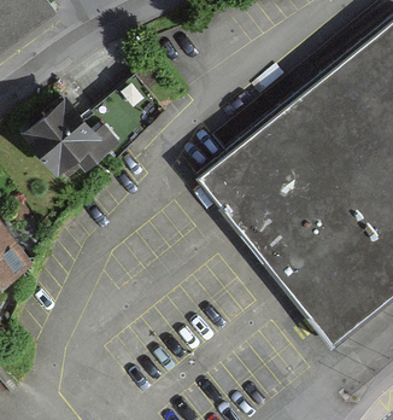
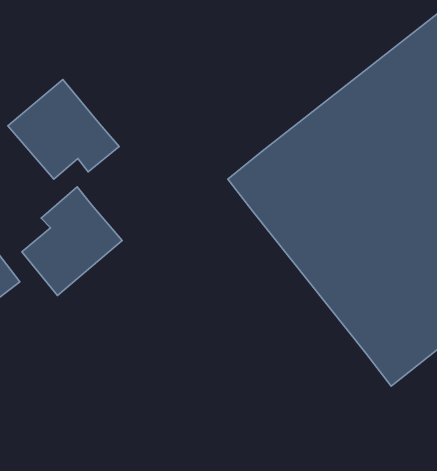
building: none -> [22,187,122,295]

